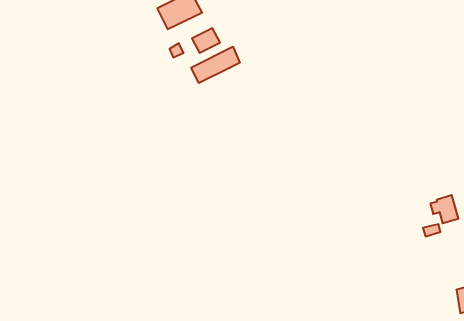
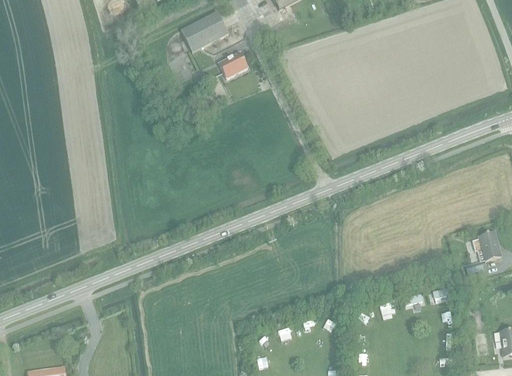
building: [191,47,240,83] -> none

